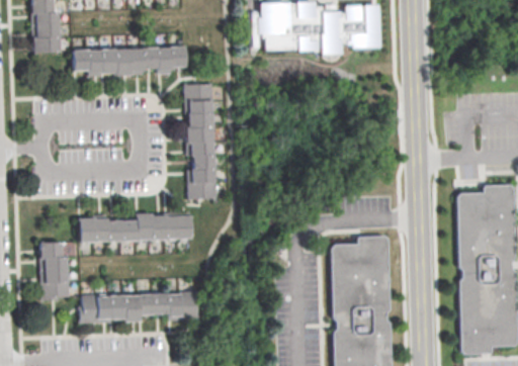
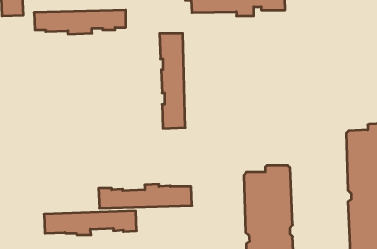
building: [185,83,217,199] -> [160,33,185,128]
building: [79,213,193,243] -> [99,184,192,208]
building: [40,242,71,301] -> none

